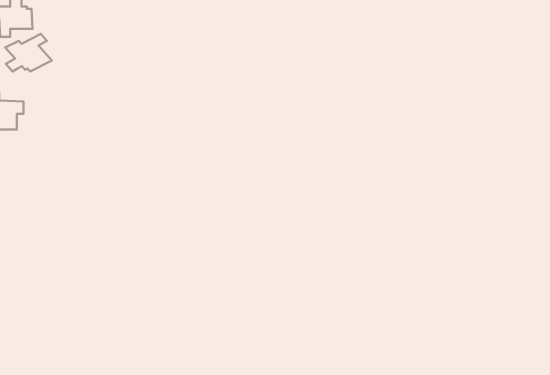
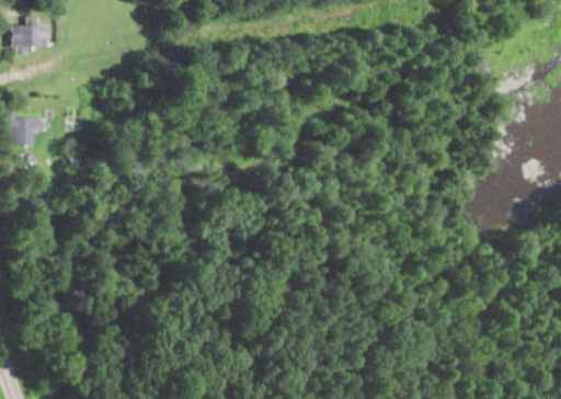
building: [5,34,52,72] -> none

